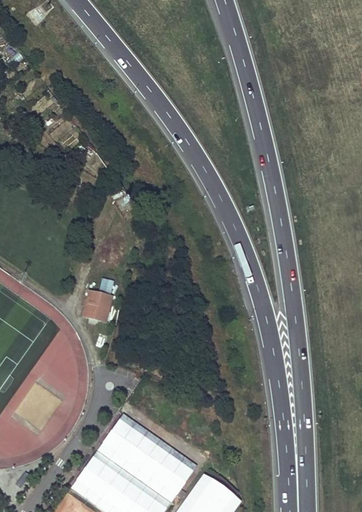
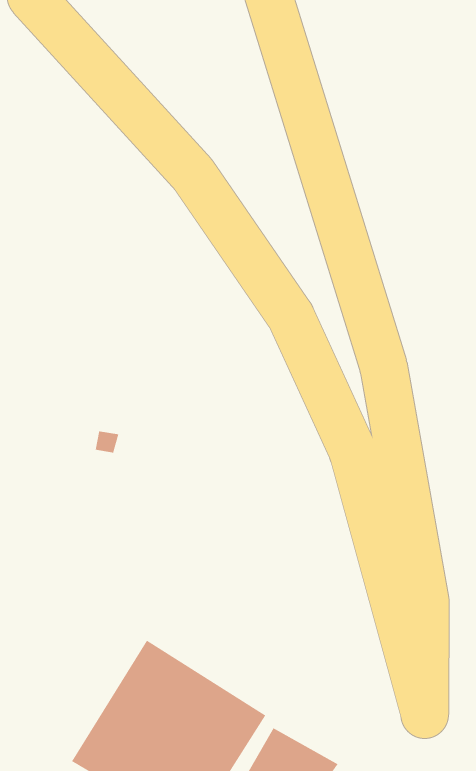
building: [83,290,112,321] -> none

